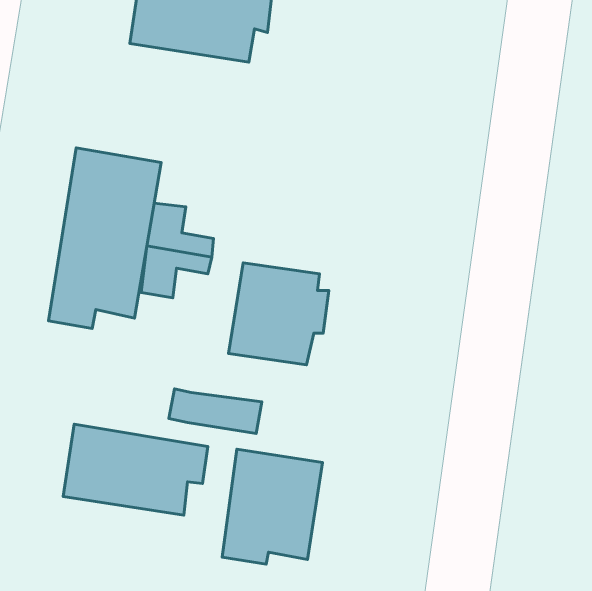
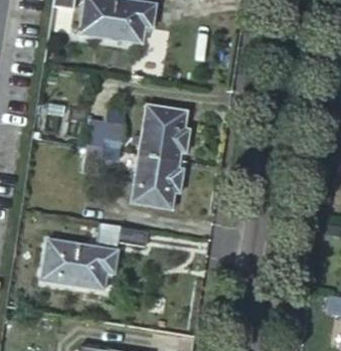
building: [49,148,161,329] -> none
building: none -> [135,104,187,157]
building: [222,449,323,564] -> none

